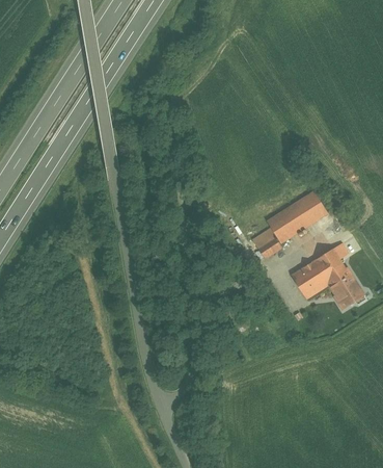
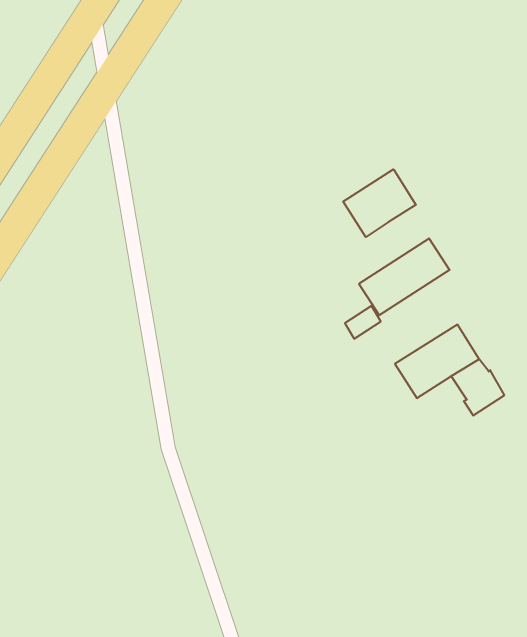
building: none -> [343,169,416,237]

